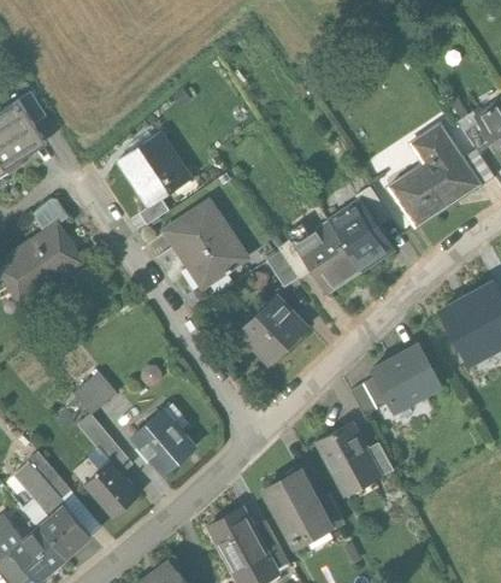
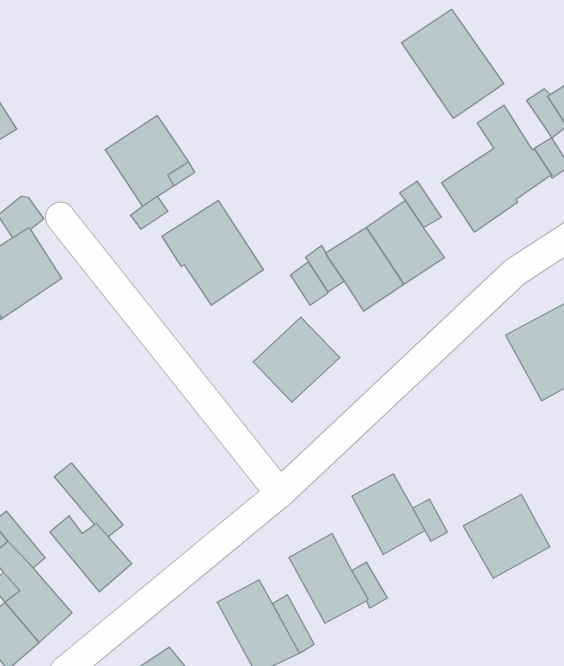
building: none -> [402,9,504,118]
building: [371,344,441,412] -> [463,495,550,578]
building: [73,373,116,414] -> none
building: [131,413,195,475] -> none

